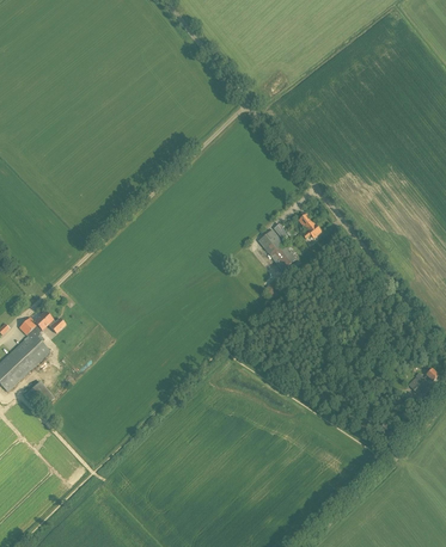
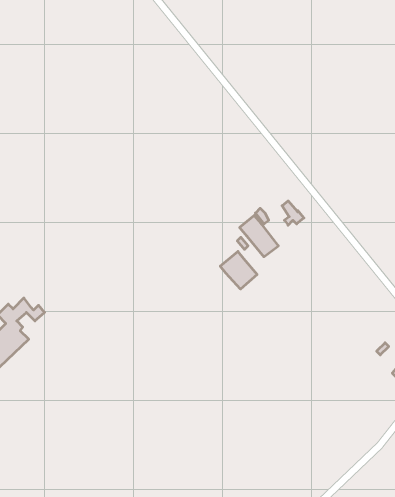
building: none -> [220,251,257,289]

